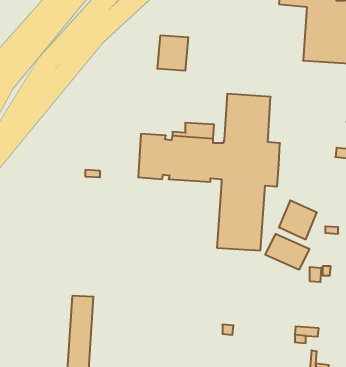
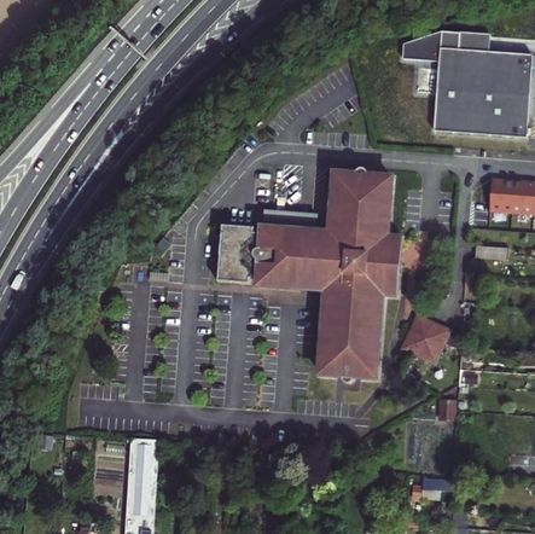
building: [158,35,188,71] -> none
building: [265,234,309,270] -> none

